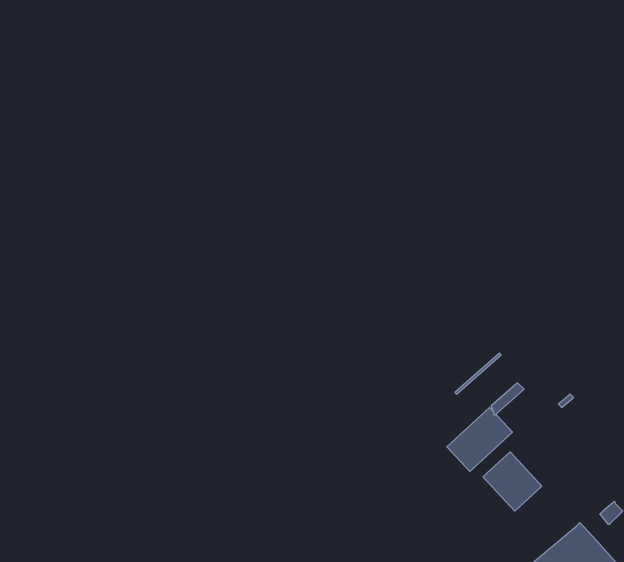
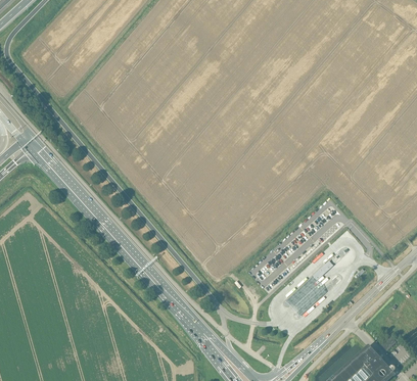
building: [483,452,542,511] -> none

